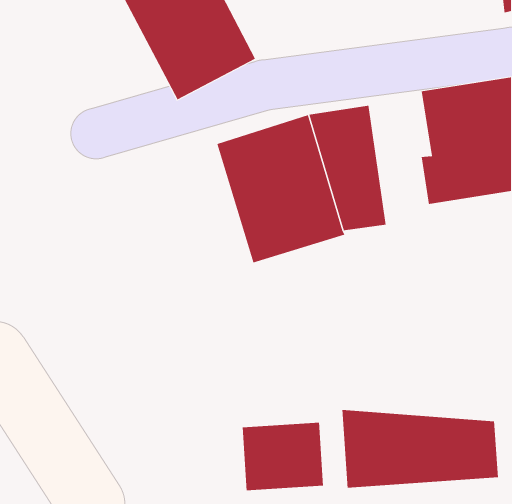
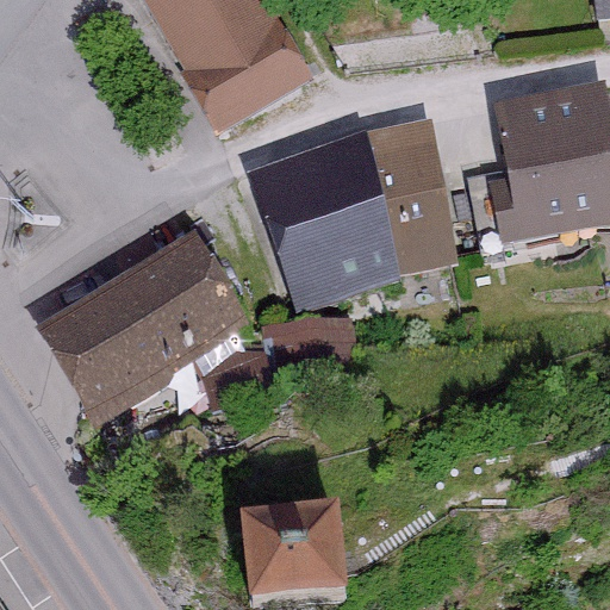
building: none -> [46,234,251,418]
building: [342,409,499,488] -> none

